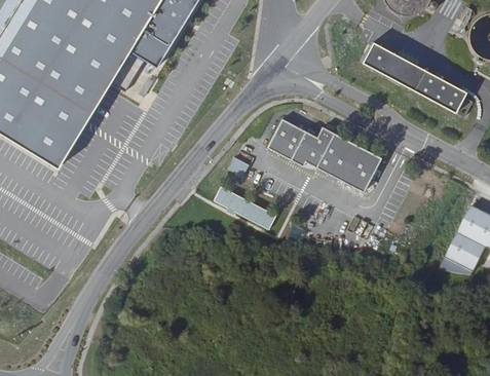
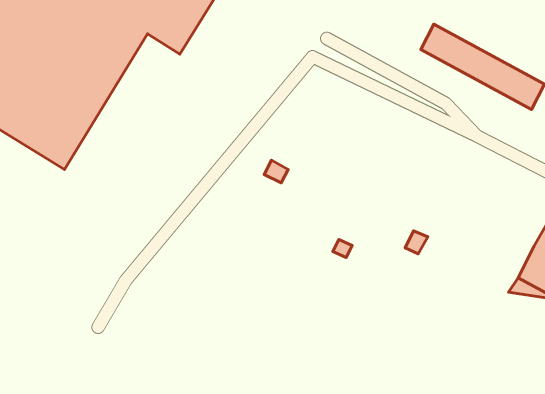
building: [267,121,382,194] -> none
building: [215,185,277,230] -> none

